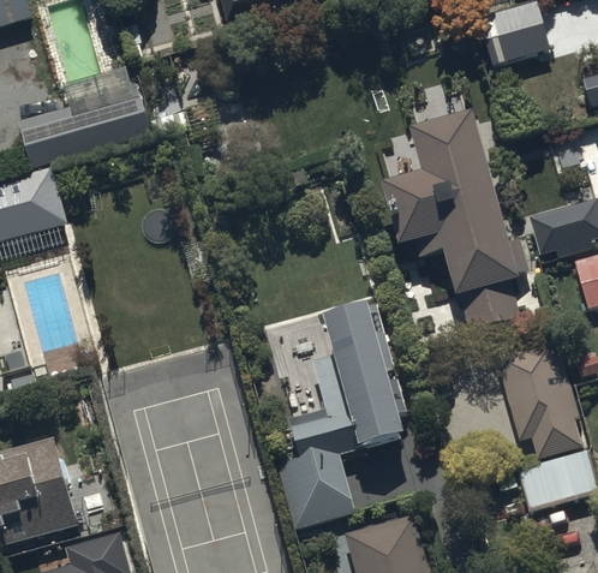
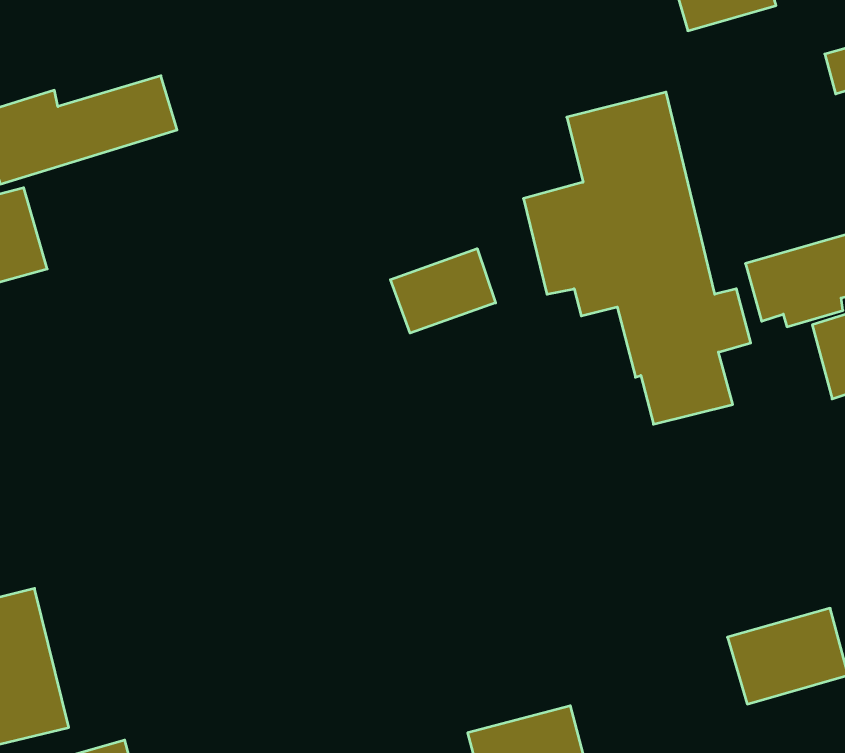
building: none -> [390,249,496,333]
building: [275,304,407,536] -> none
building: [496,340,582,456] -> none

